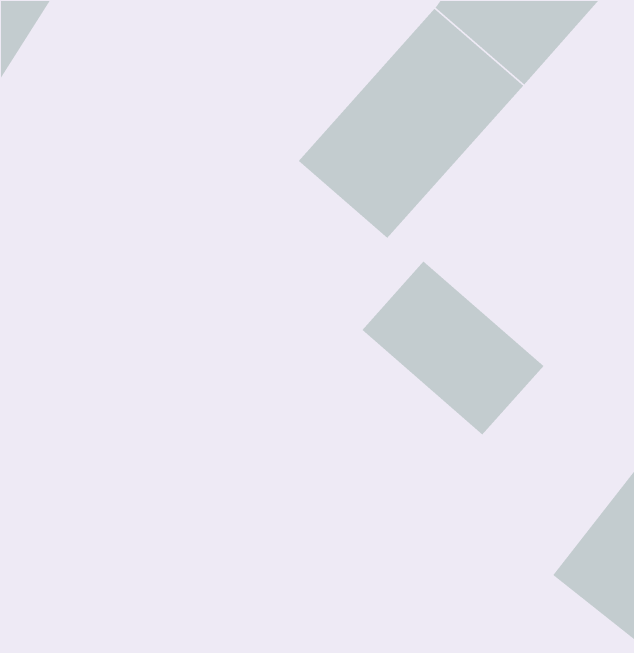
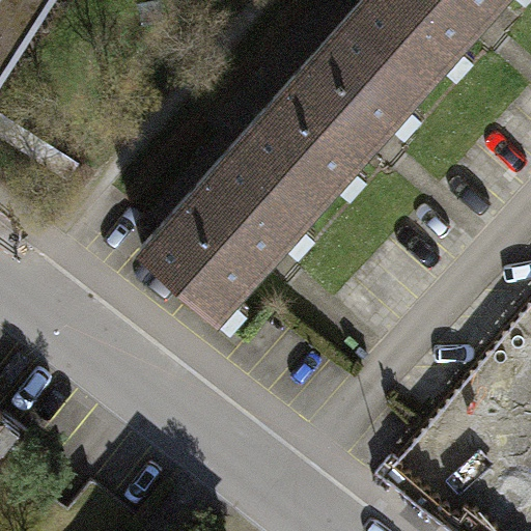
building: none -> [158,131,330,308]
building: [362,261,544,435] -> none

